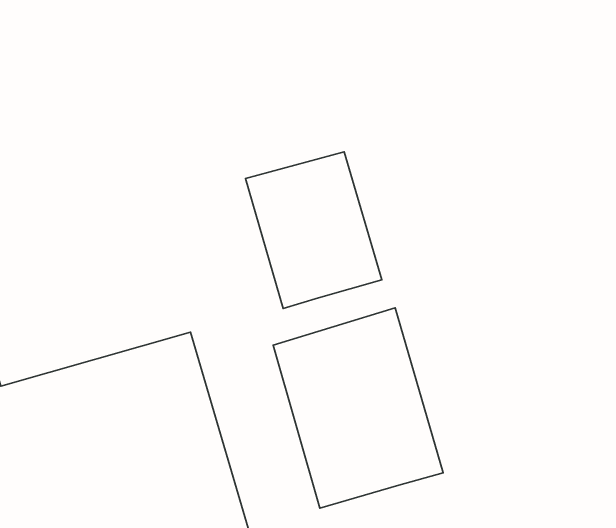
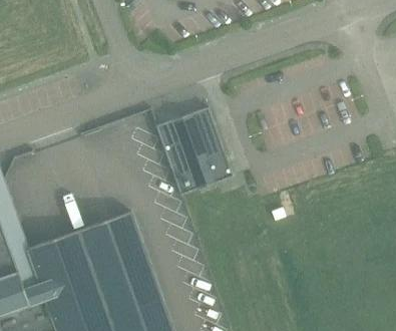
building: [273,308,443,508] -> none

